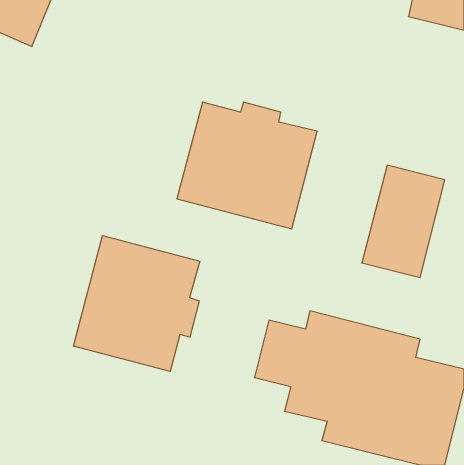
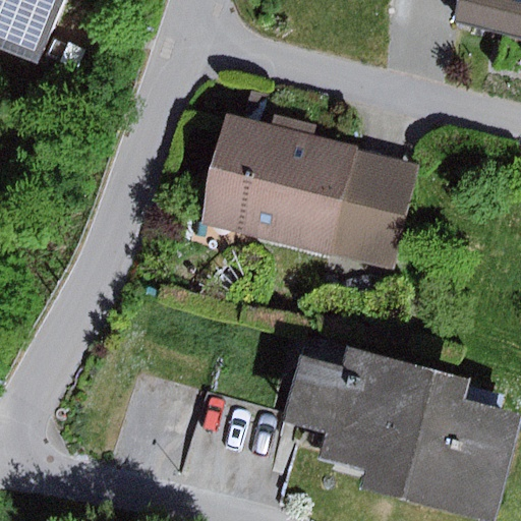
building: [362,165,445,277] -> [326,147,418,272]
building: [74,236,200,371] -> none

